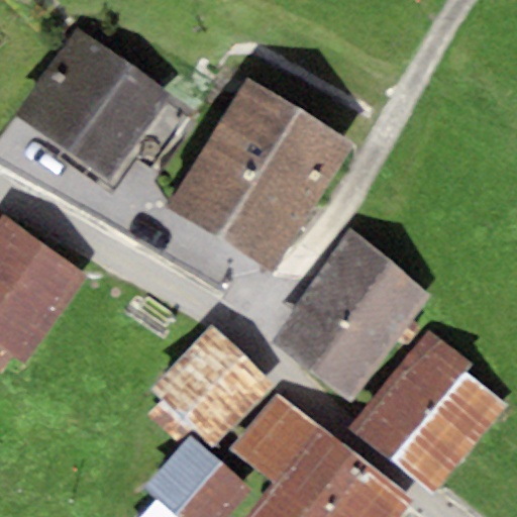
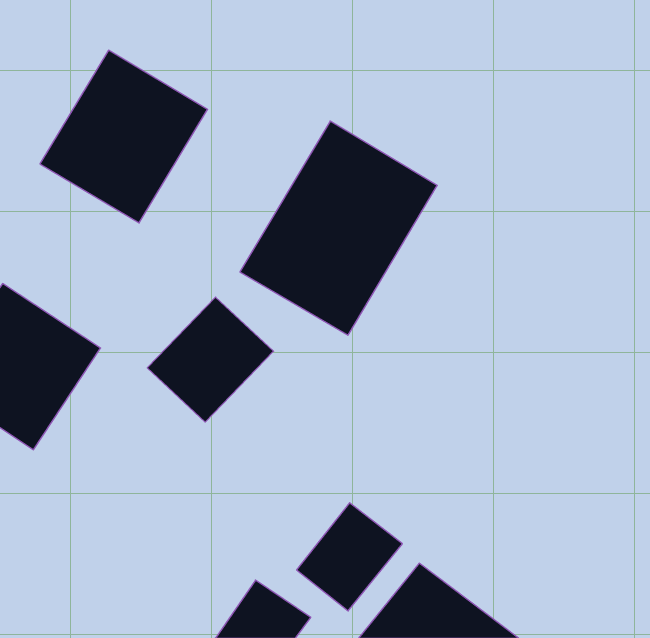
building: [291,250,416,386] -> none
building: [166,340,265,438] -> [147,297,274,422]
building: [372,345,500,477] -> none

